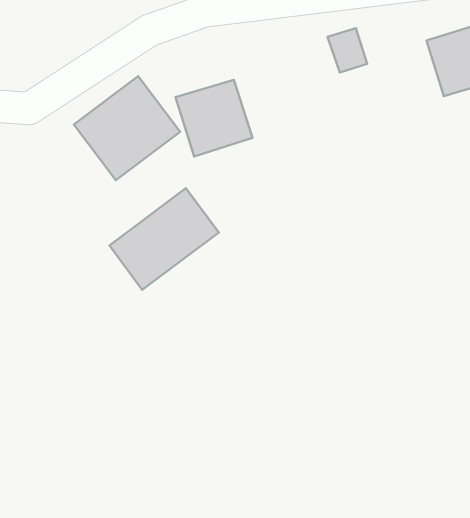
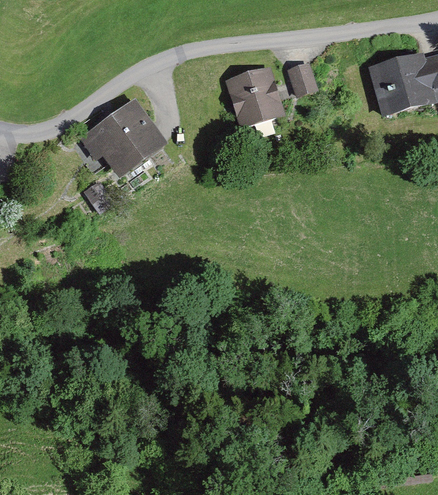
building: [176,80,252,156] -> [224,65,286,127]
building: [109,188,219,290] -> none

